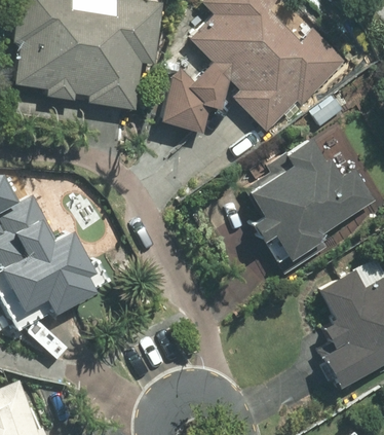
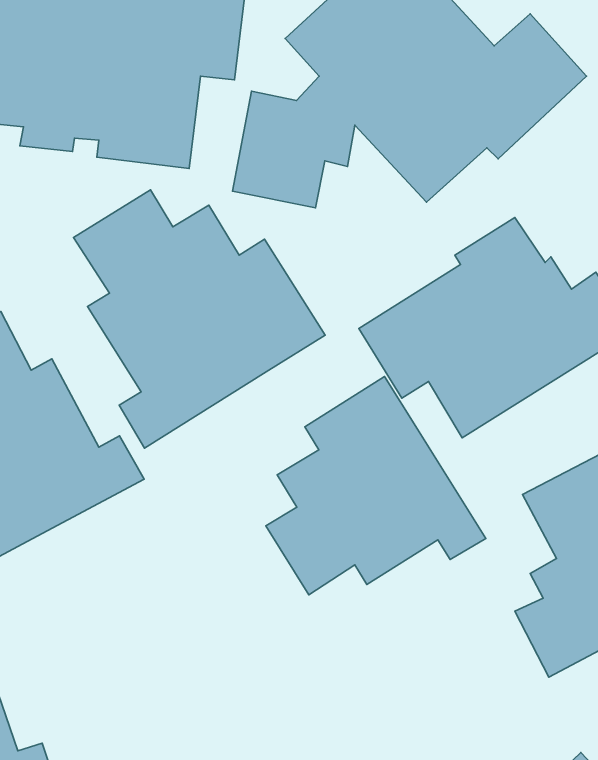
building: none -> [74,190,325,448]
building: none -> [266,376,486,595]

